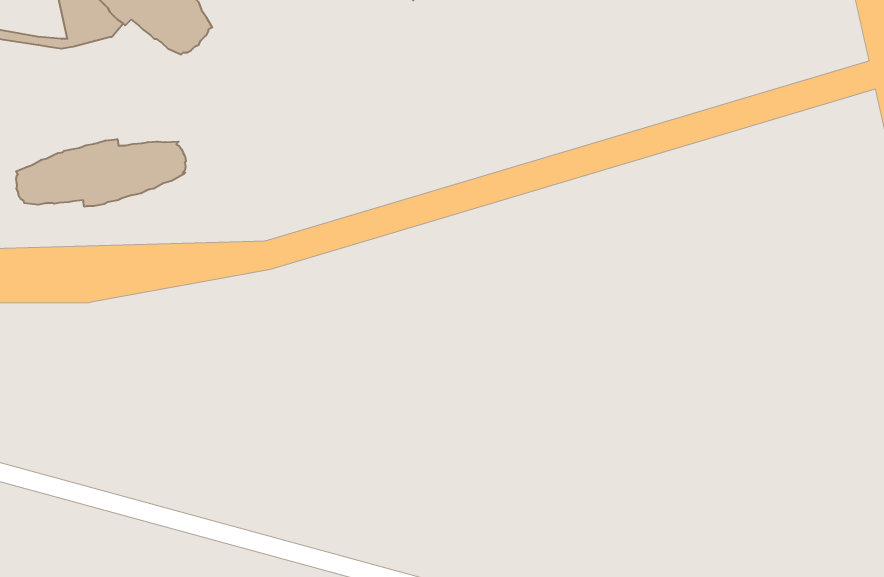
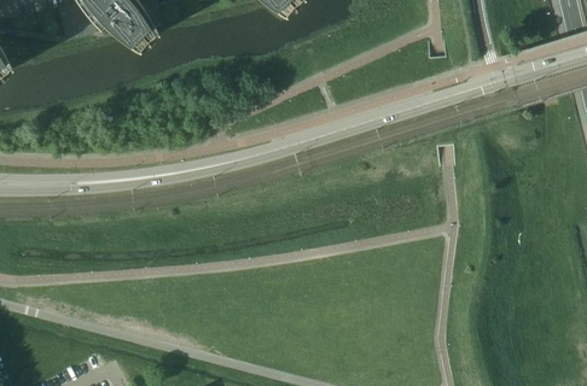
building: [16,139,186,207] -> none

